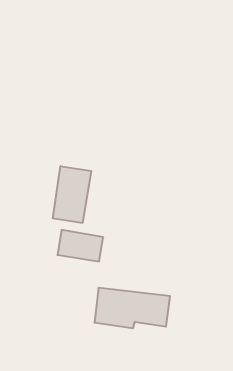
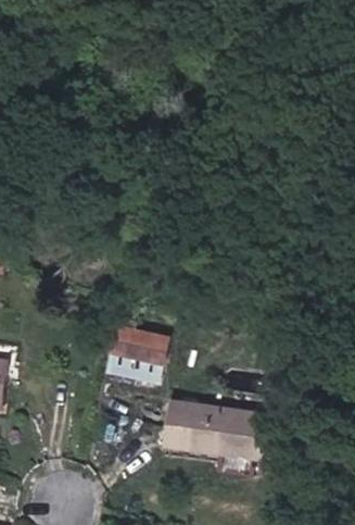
building: [53,166,91,223] -> none

